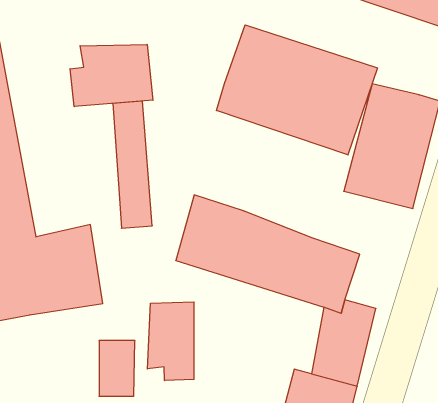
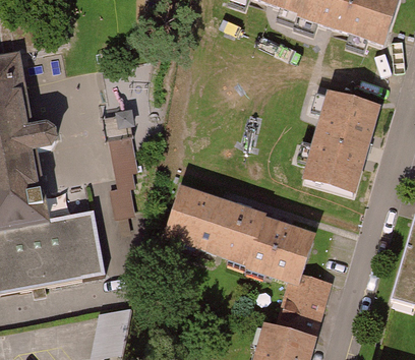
building: [216,25,378,155] -> none
building: [70,44,153,107] -> none
building: [147,302,194,381] -> none

